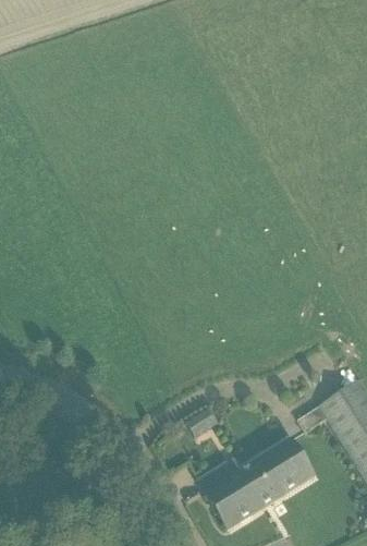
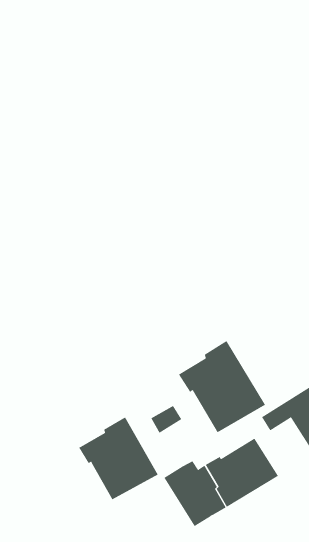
building: none -> [178,340,266,433]
building: none -> [79,417,158,500]

